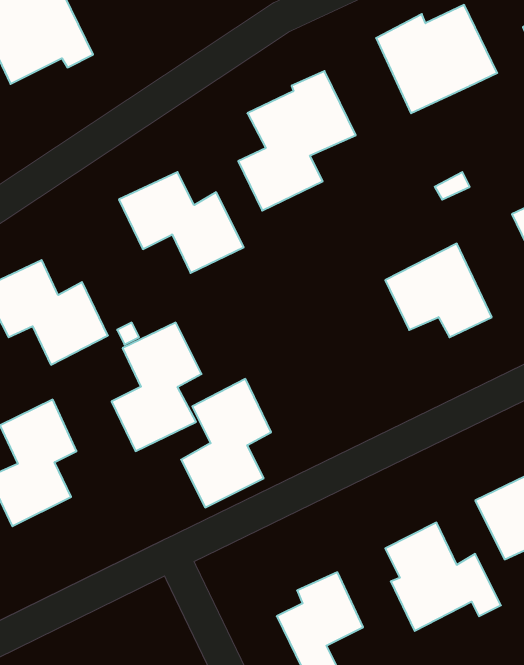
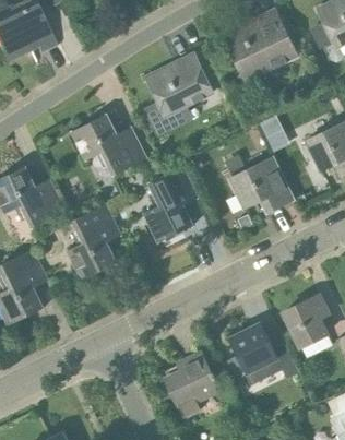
building: [181,379,271,507] -> [143,166,197,242]

